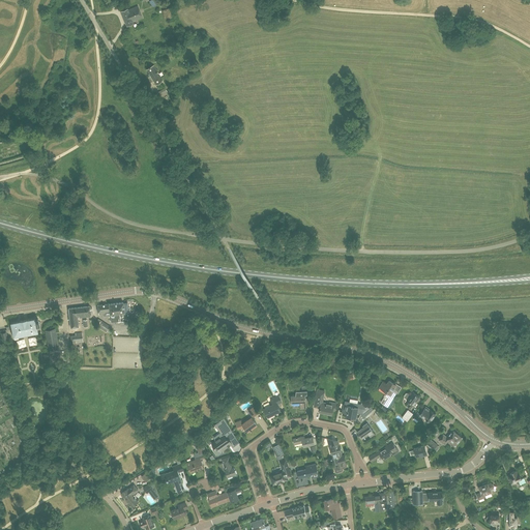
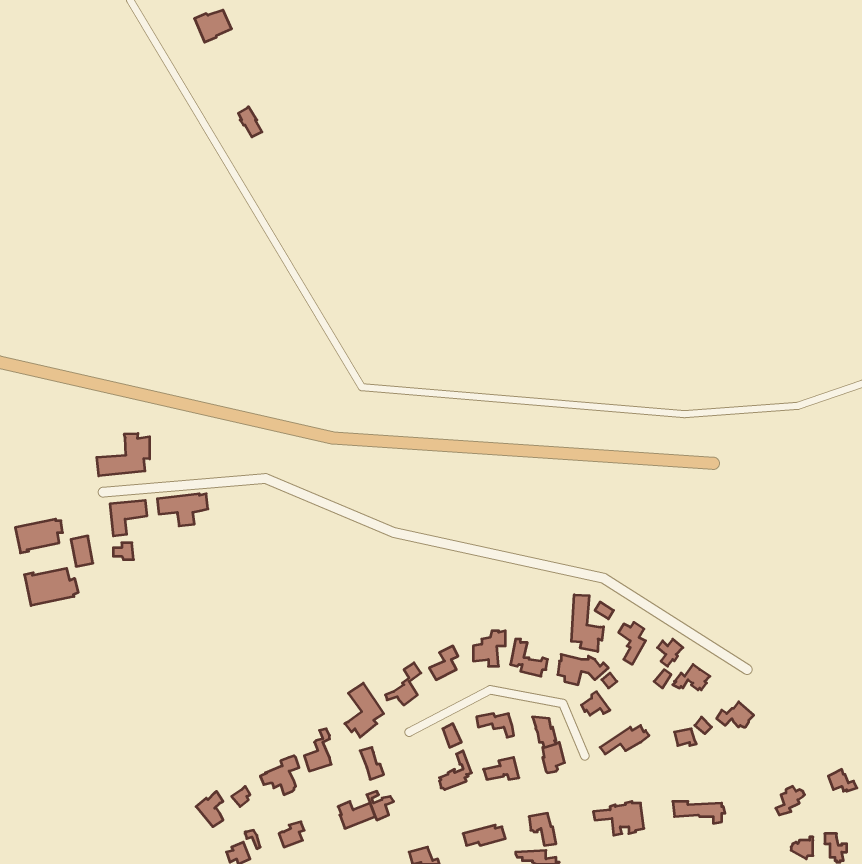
building: none -> [97,433,150,476]
building: none -> [24,568,78,606]
building: none -> [571,595,604,652]

